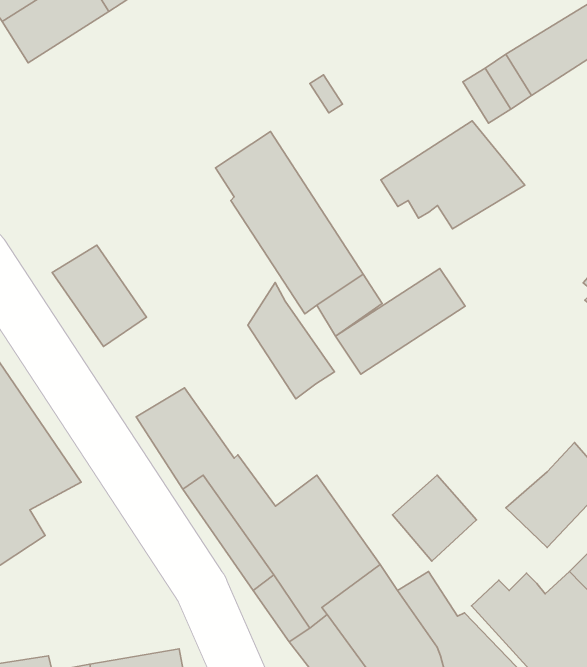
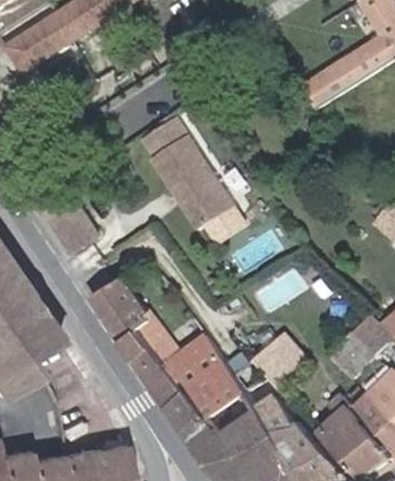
building: [381,121,525,229] -> none
building: [336,268,465,374] -> none
building: [248,283,335,399] -> none

